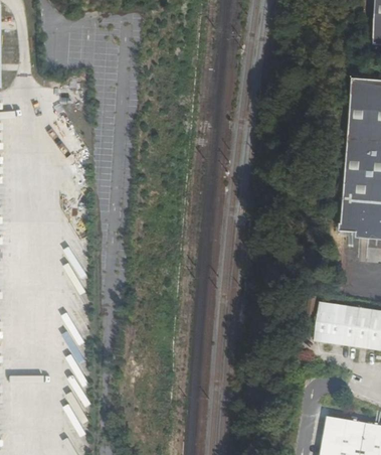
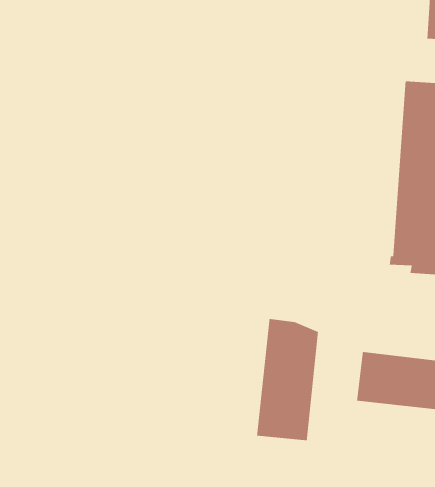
building: none -> [256,318,319,441]

